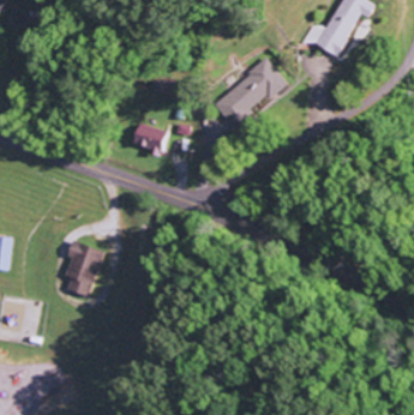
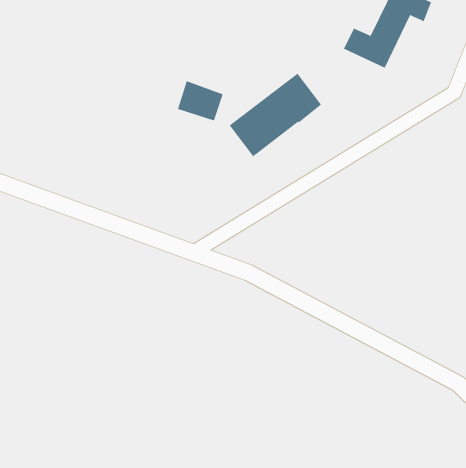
building: [133,121,170,154] -> [177,80,224,121]
building: [60,241,101,296] -> none

